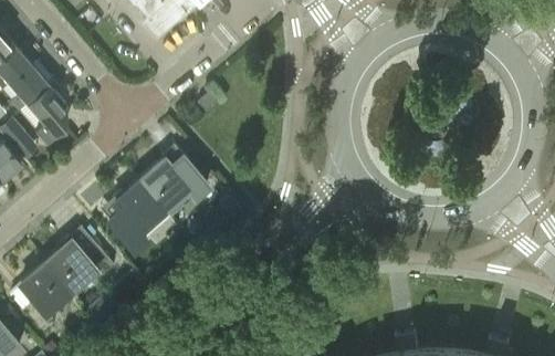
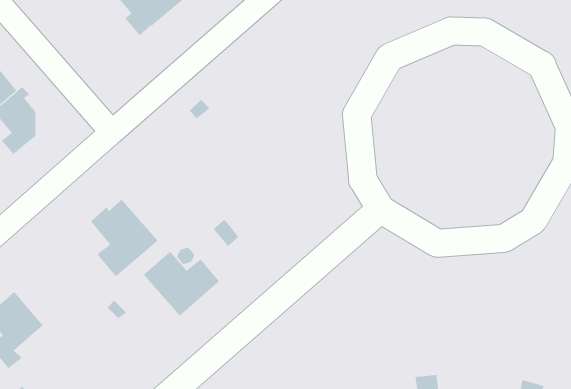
building: [139,160,207,218] -> [143,251,220,317]
building: [45,238,114,292] -> none

